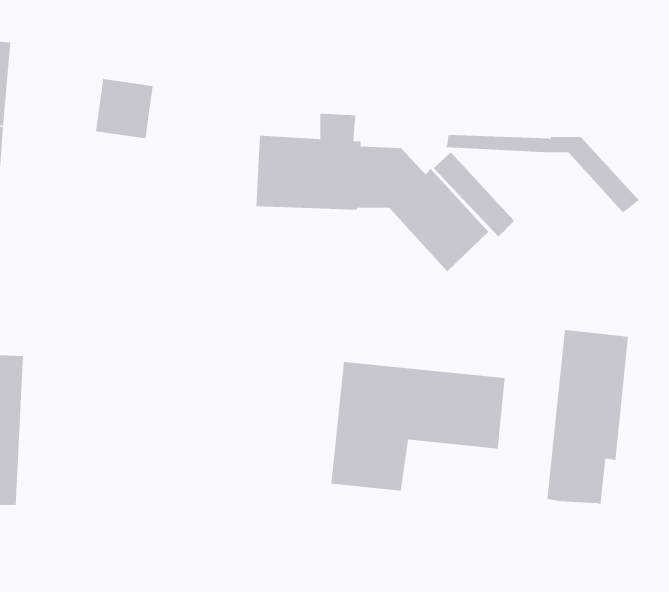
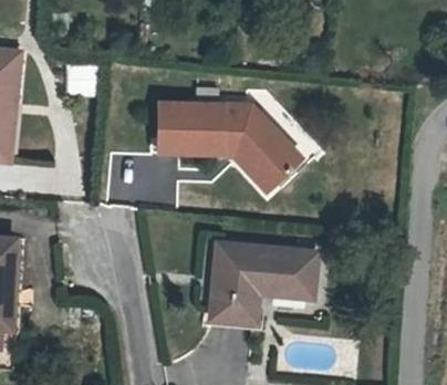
building: [446,135,639,213] -> [160,146,278,194]
building: [547,329,628,505] -> none

